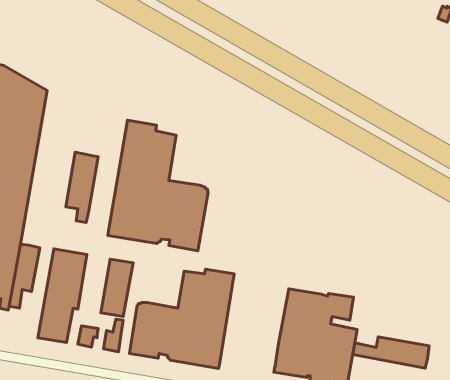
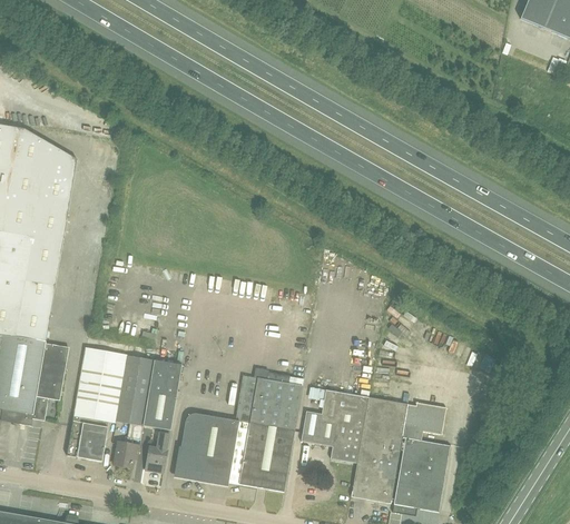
building: [108,120,208,251] -> none
building: [66,152,98,223] -> [114,355,153,439]
building: none -> [299,388,367,462]
building: [353,337,429,368] -> none

